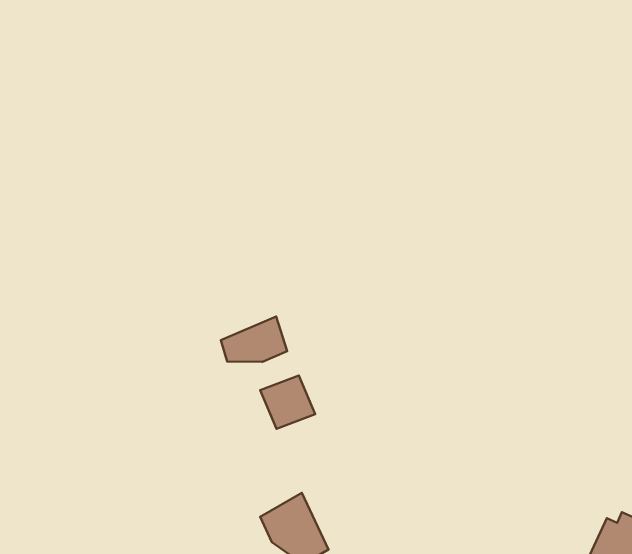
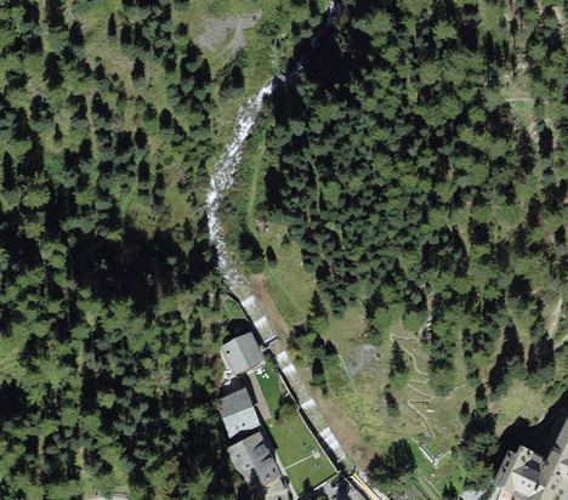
building: [221,317,287,362] -> none
building: none -> [222,392,263,434]

